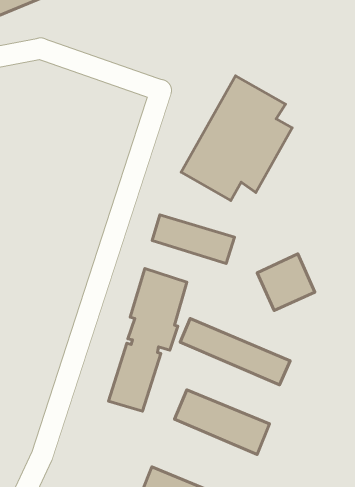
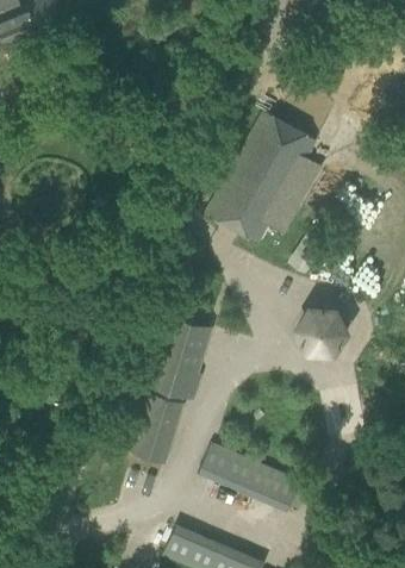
building: [152,215,235,264] -> none
building: [180,319,290,385] -> none

